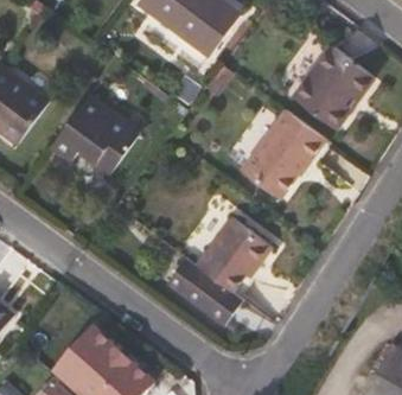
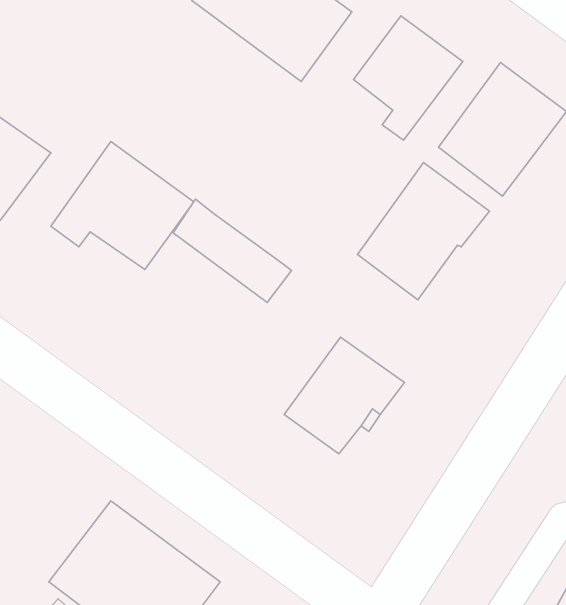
building: none -> [353,16,463,140]
building: [170,257,244,323] -> [173,199,292,303]

